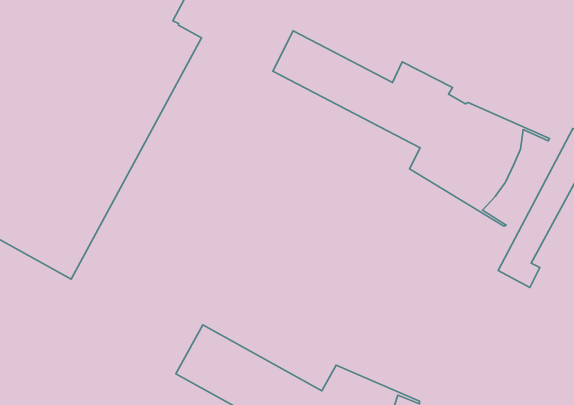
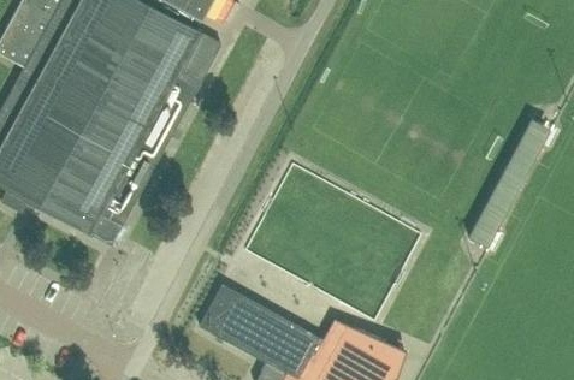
building: [273,31,550,226] -> none

